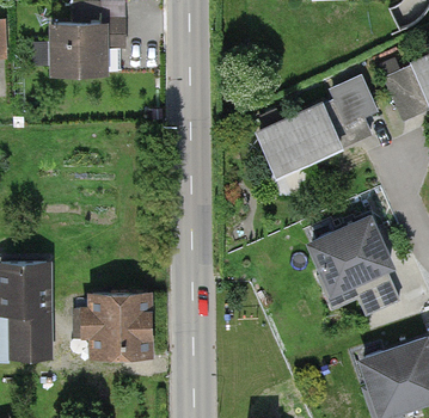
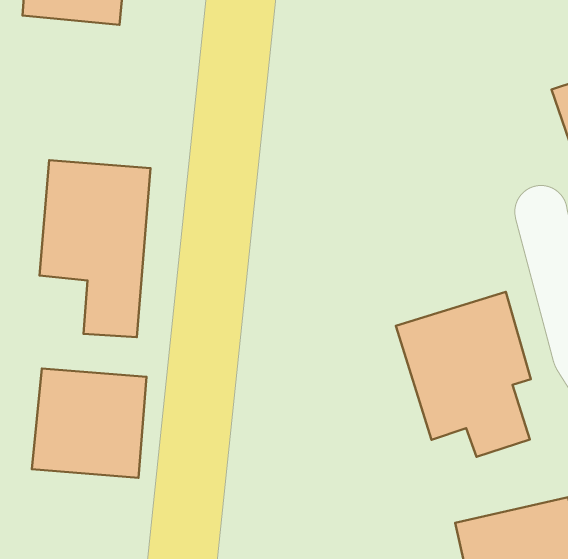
building: [259,92,369,174] -> none
building: none -> [40,160,150,337]

